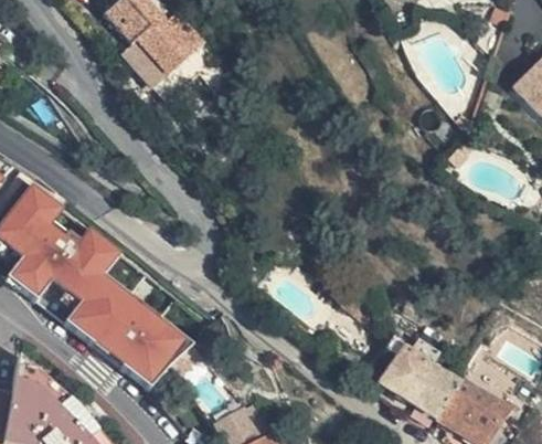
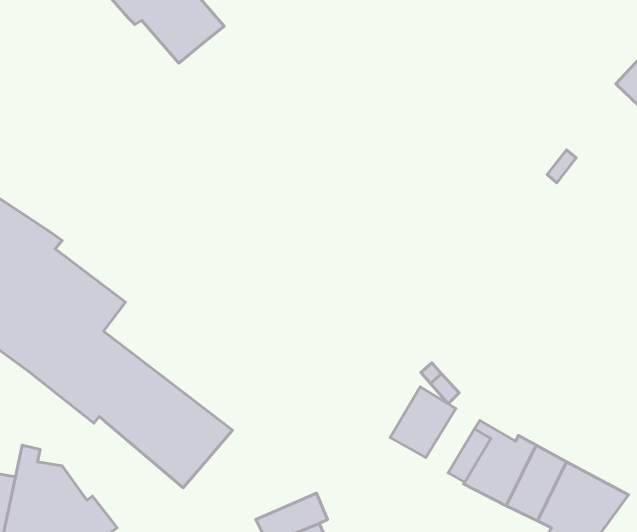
building: [106,25,191,91] -> none
building: none -> [390,387,456,457]

